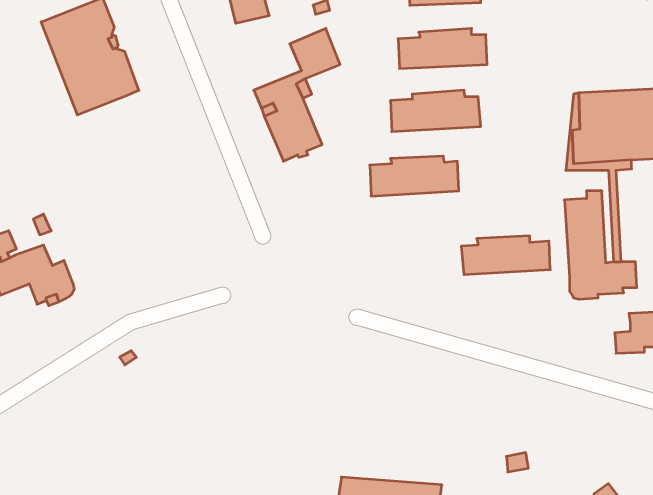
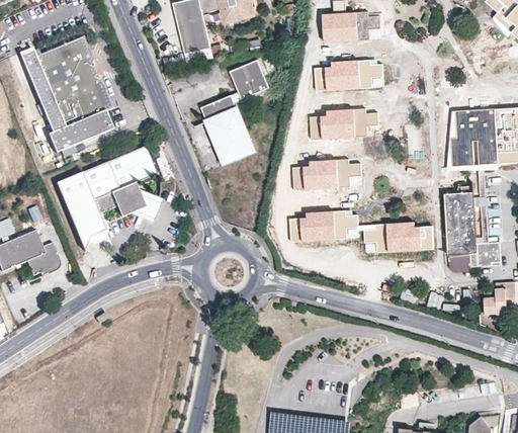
building: none -> [18,48,110,152]
building: none -> [60,146,162,250]
building: none -> [288,210,359,242]

